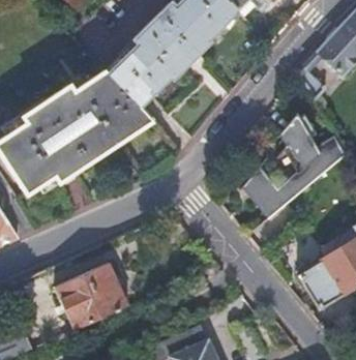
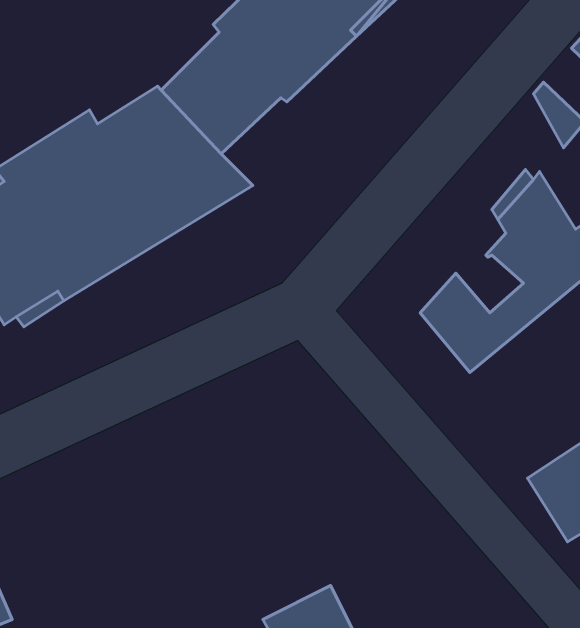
building: [53,261,127,329] -> none

